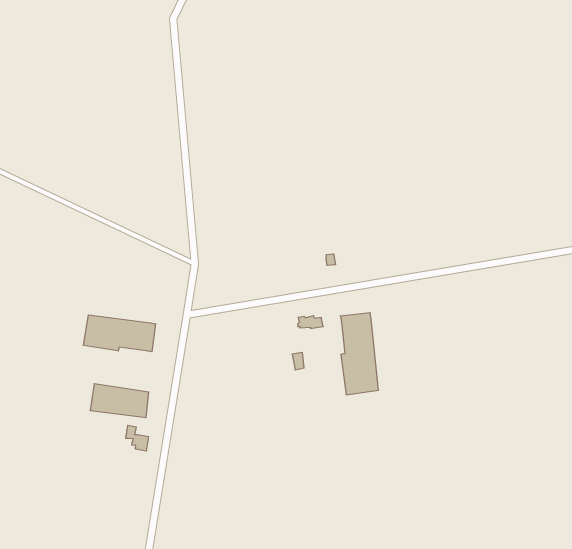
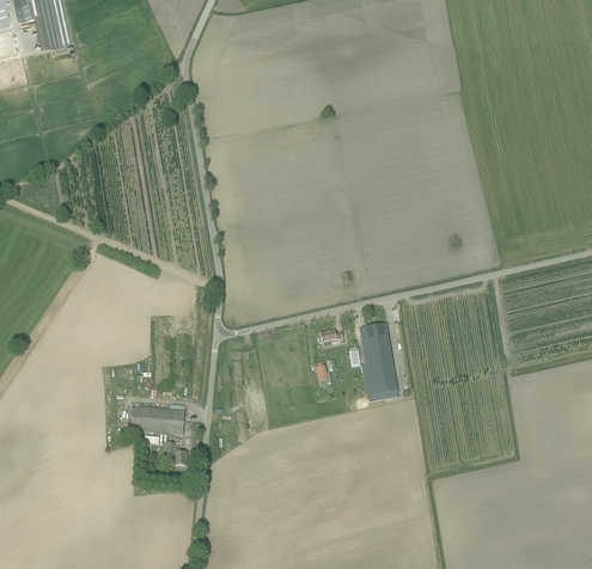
building: [83,315,156,352] -> none

